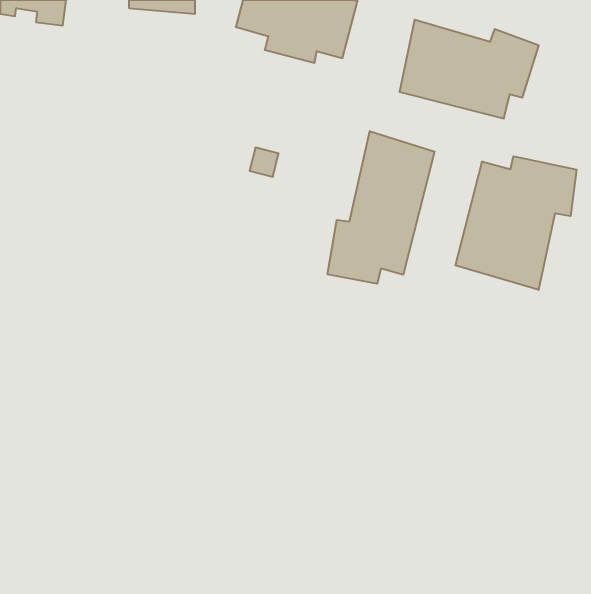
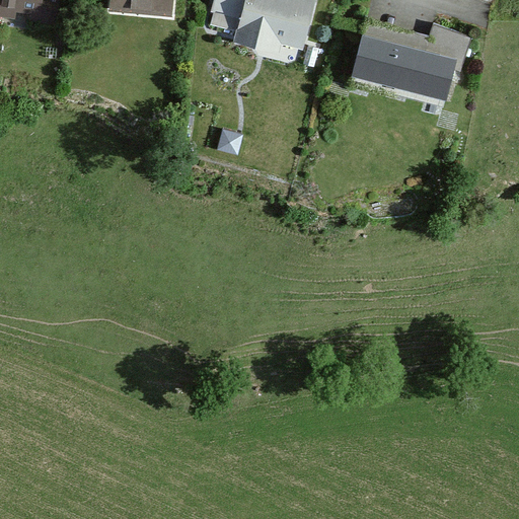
building: [328,131,435,284] -> none
building: [456,156,577,290] -> none

